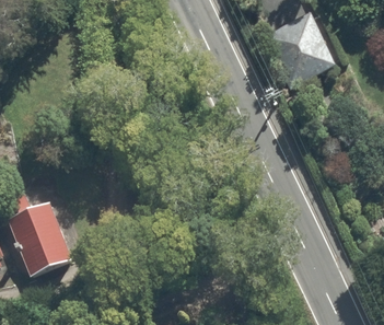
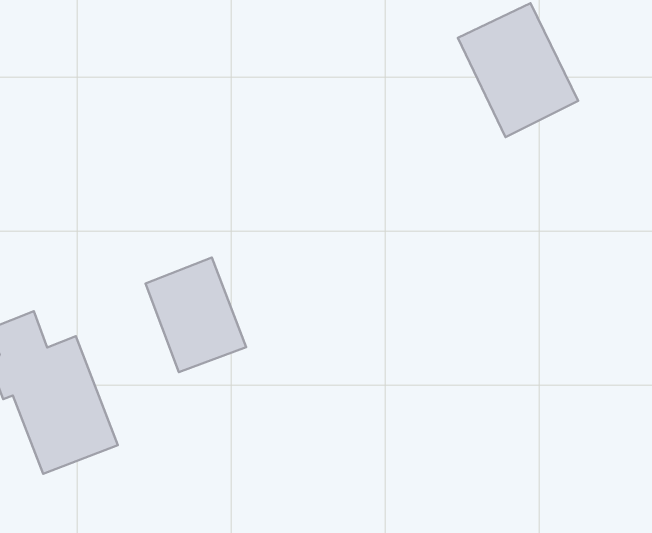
building: none -> [146,258,246,372]

